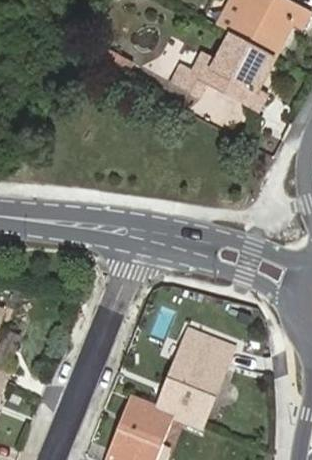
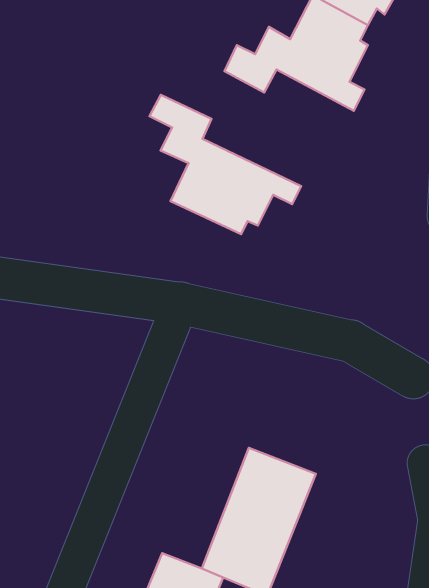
building: none -> [149,95,301,234]

